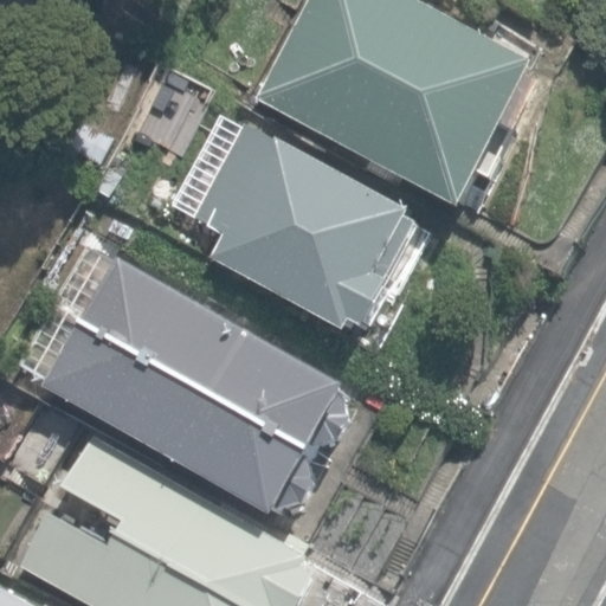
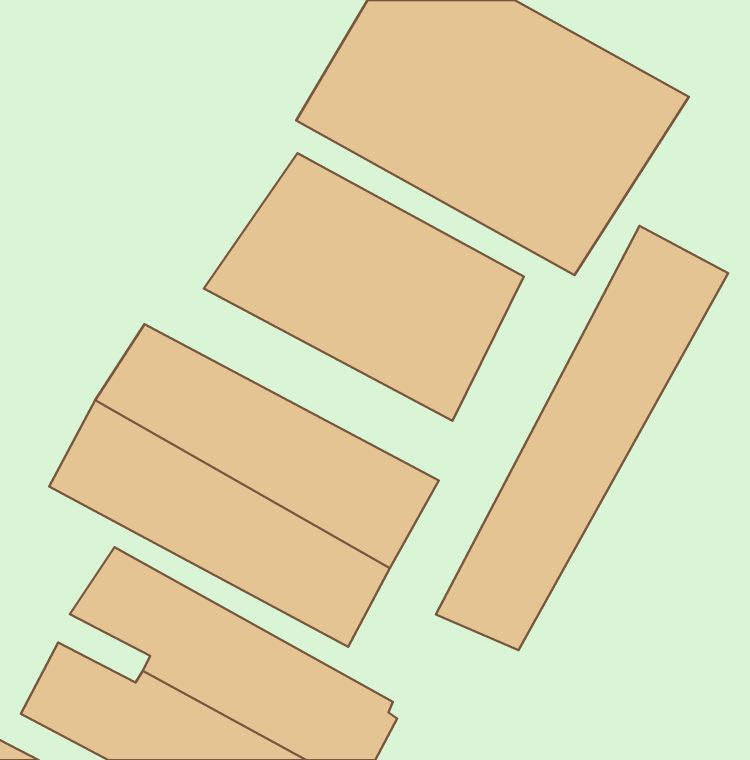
building: none -> [436,226,728,650]

